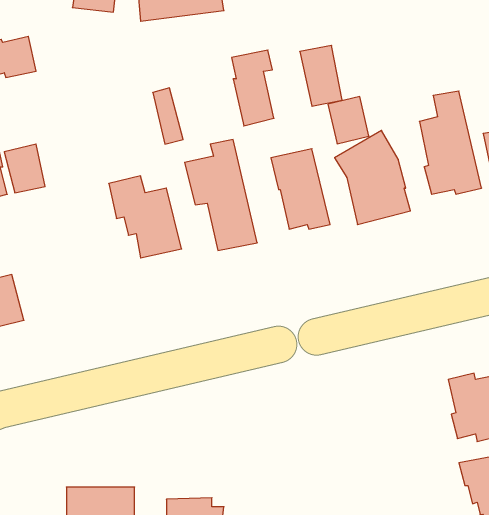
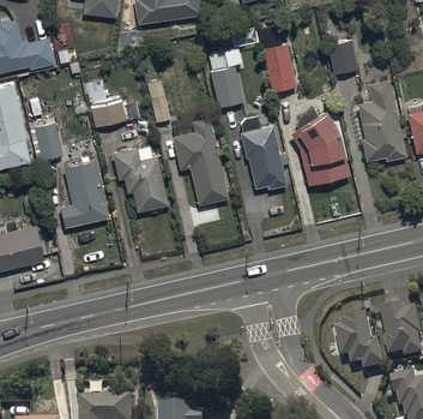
building: [328,97,369,144] -> [327,38,359,76]
building: none -> [89,90,139,127]
building: none -> [61,161,110,229]
building: none -> [336,312,385,369]

